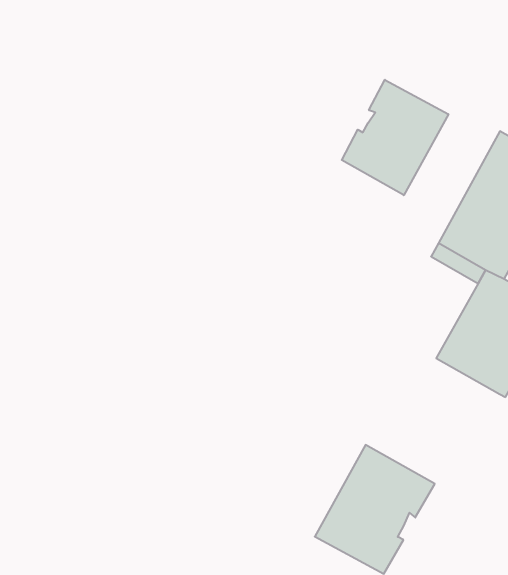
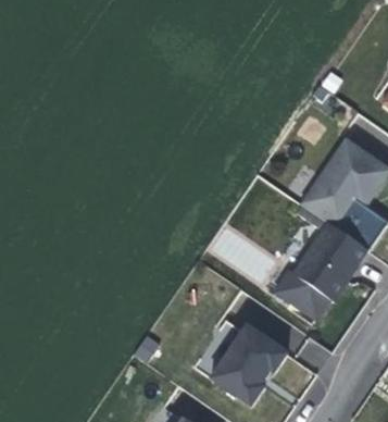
building: [342,80,448,195] -> none
building: none -> [275,270,329,319]

